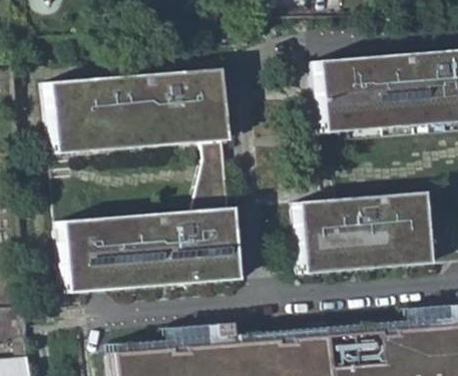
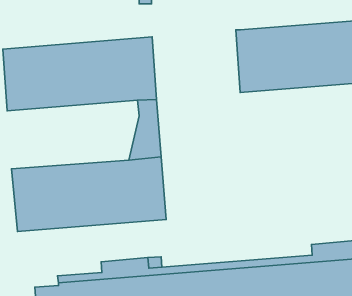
building: [301,192,433,274] -> none

